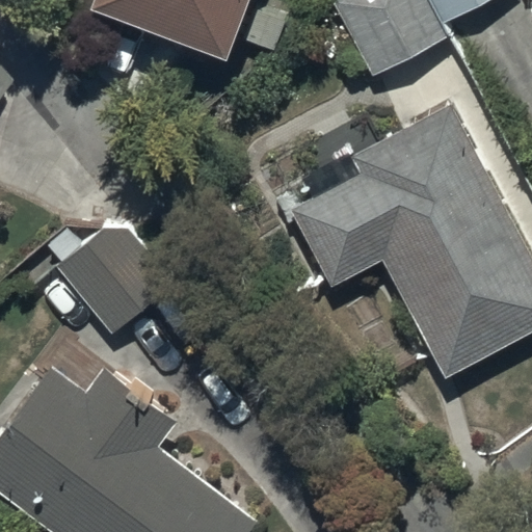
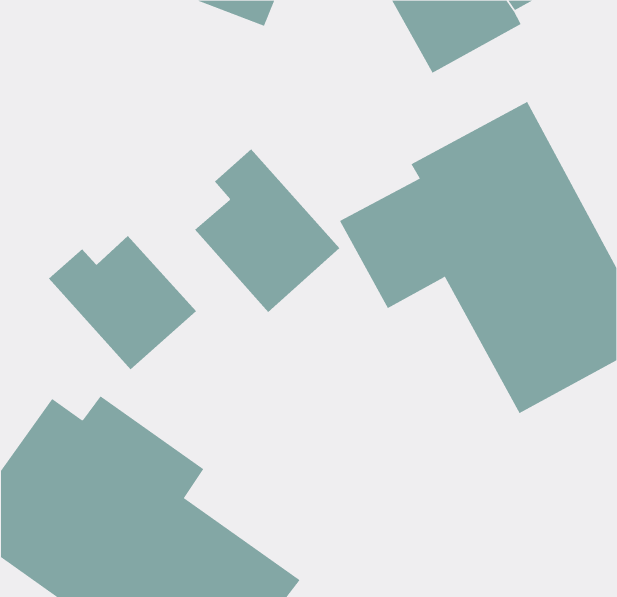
building: none -> [194,149,340,313]

